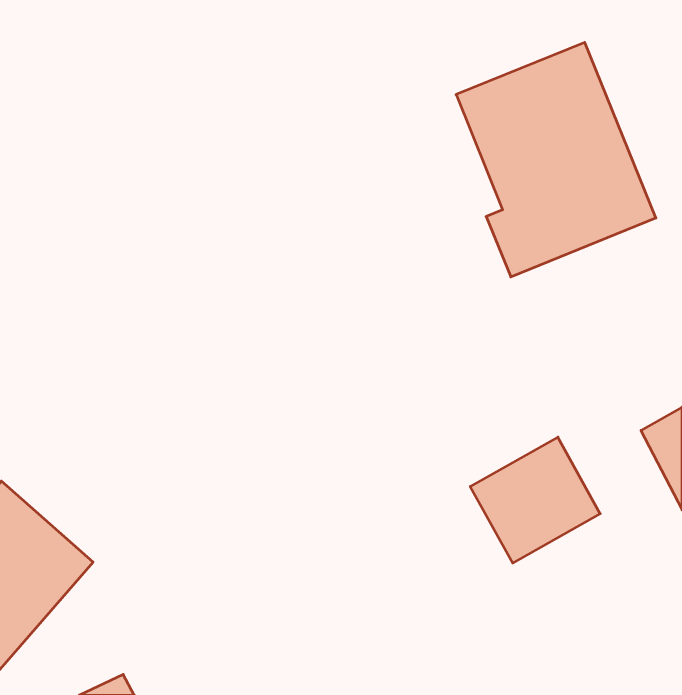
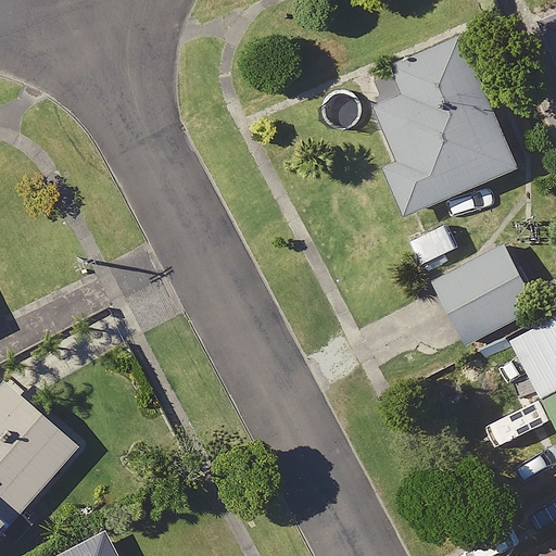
building: [470,437,600,563] -> [432,247,535,346]

